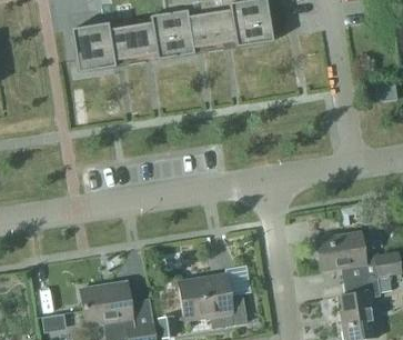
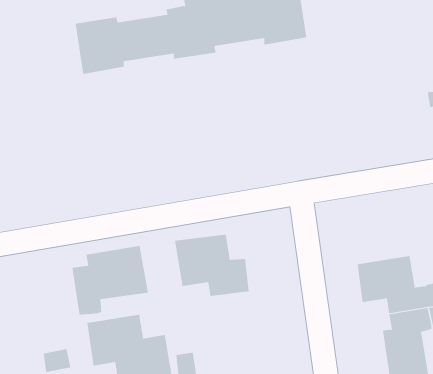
building: none -> [72,245,149,316]
building: [181,273,246,328] -> [174,234,250,297]

